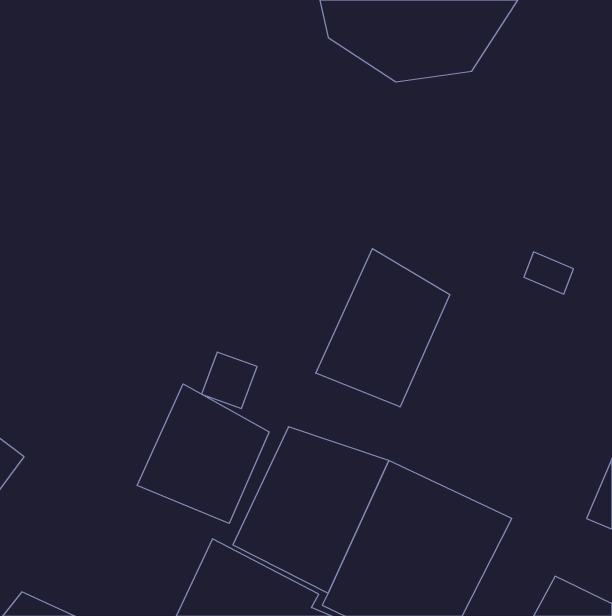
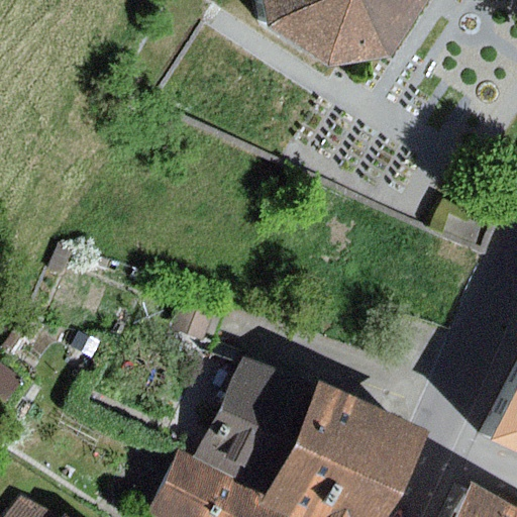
building: [316,249,450,407] -> none
building: [137,384,269,523] -> none

